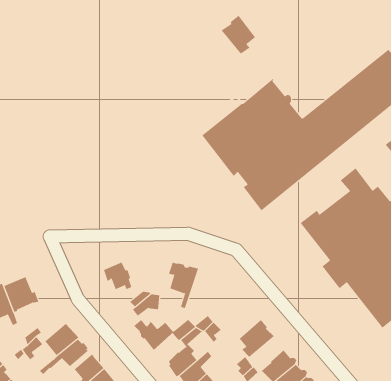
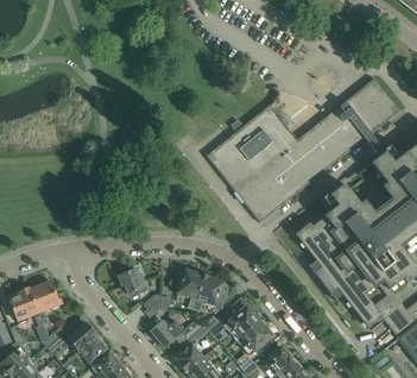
building: [221,15,256,55] -> none
building: none -> [190,273,227,317]
building: none -> [225,305,260,339]

